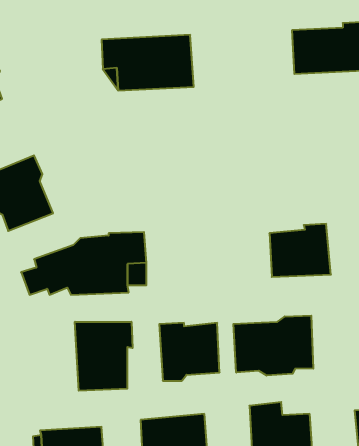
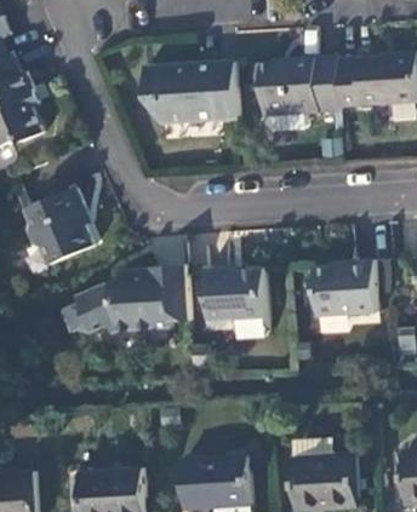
building: none -> [251,57,339,114]
building: [233,316,313,376] -> none
building: [75,322,133,391] -> none
building: [159,323,220,381] -> [204,265,265,324]

